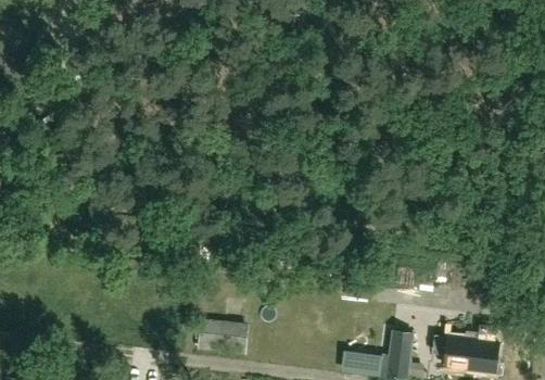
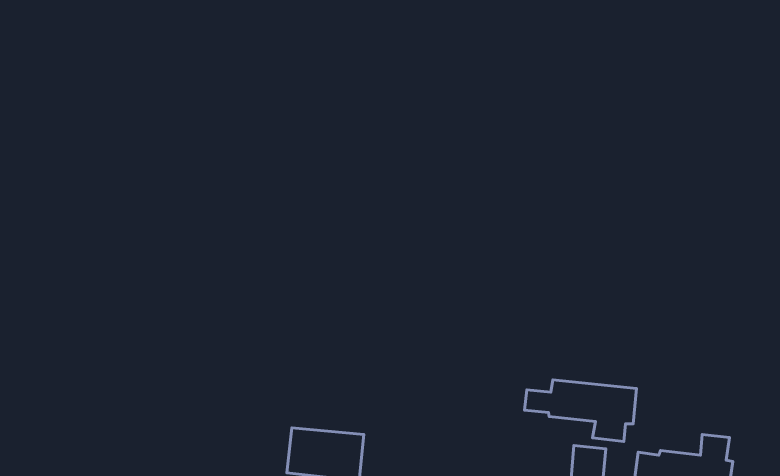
building: none -> [524,380,636,441]

